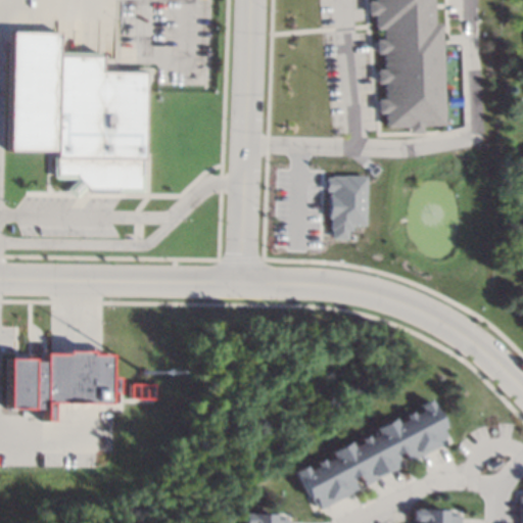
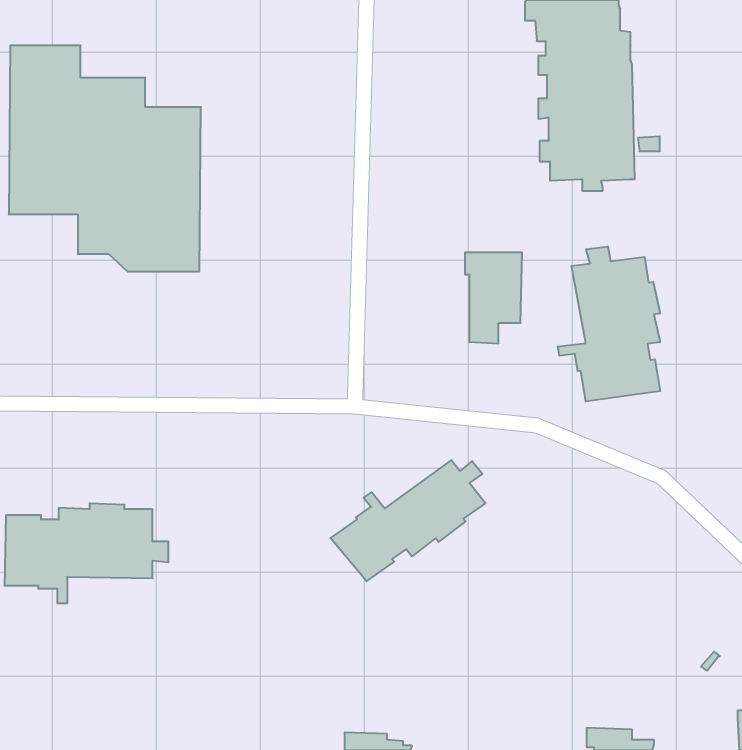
building: none -> [558,246,660,402]
building: none -> [330,460,486,581]
building: [299,399,448,509] -> none

